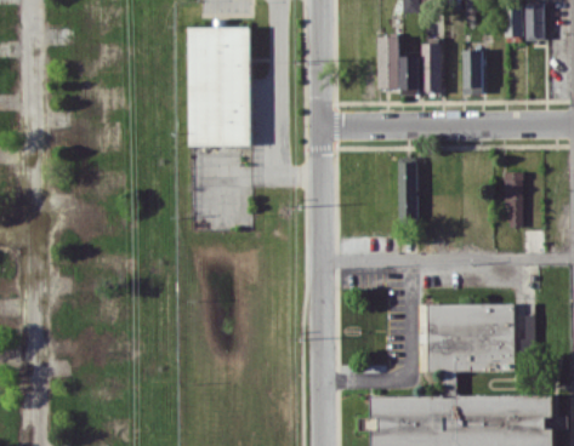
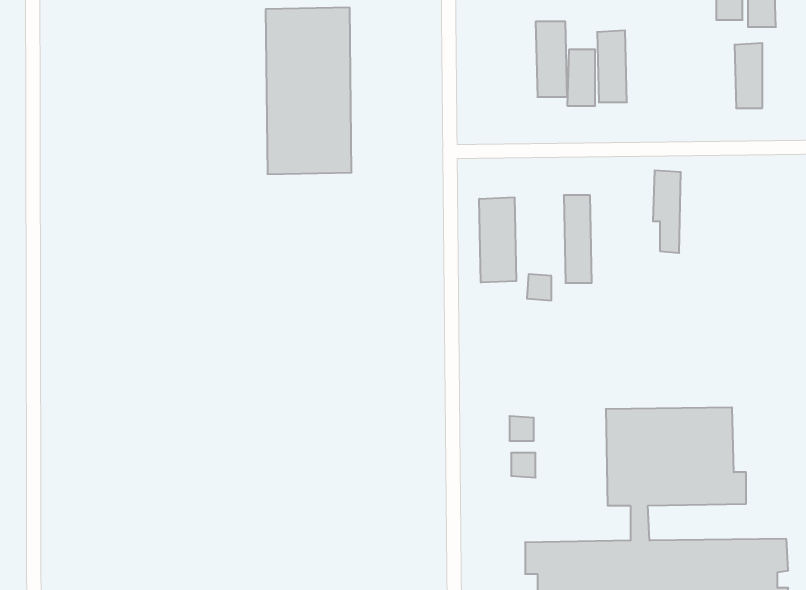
building: [462,48,482,93] -> [734,43,762,108]
building: none -> [479,197,516,283]
building: [504,171,523,228] -> [653,170,681,253]

